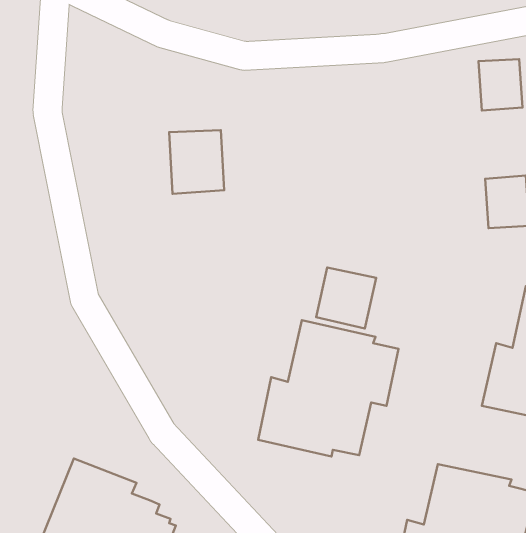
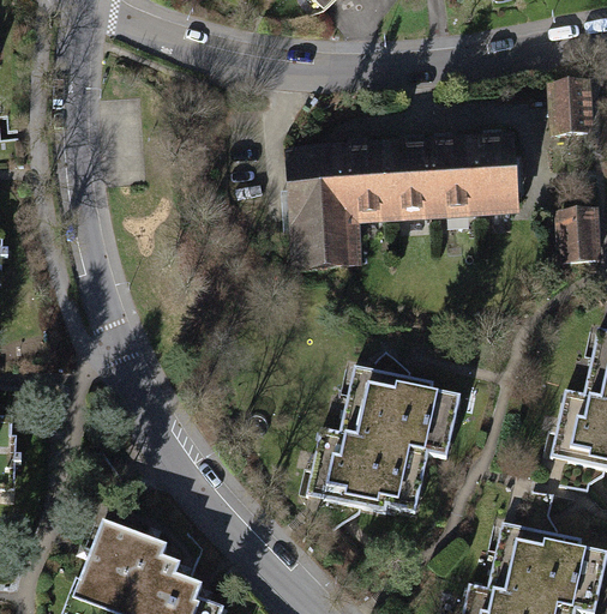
building: none -> [286,136,523,272]
building: [169,130,224,194] -> none
building: [316,267,376,329] -> none

